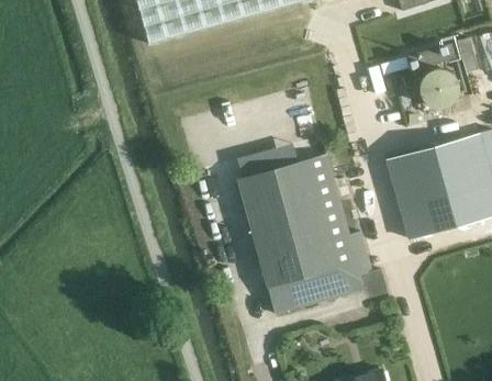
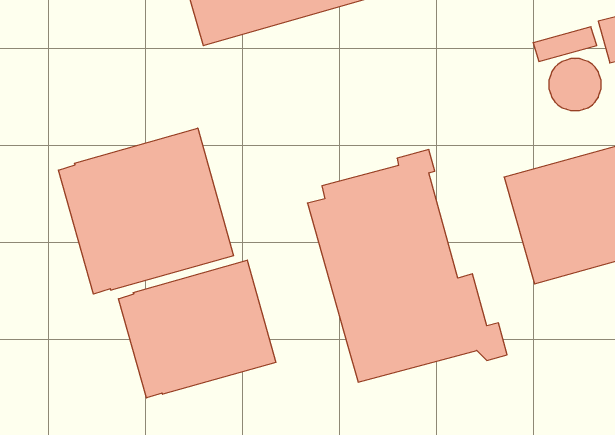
building: none -> [58,128,233,294]
building: none -> [118,260,276,398]

